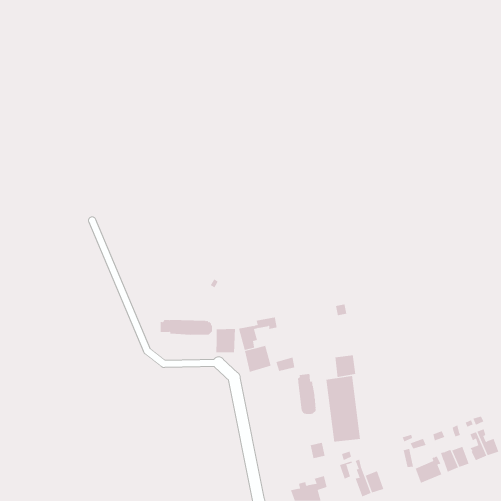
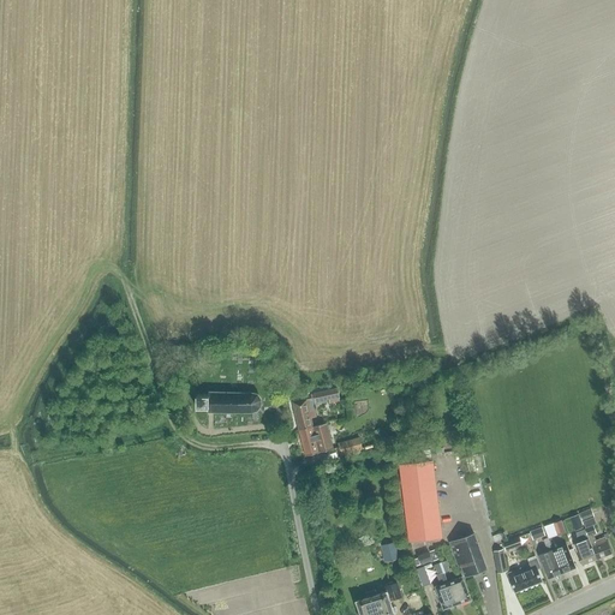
building: [216,328,235,353] -> none
building: [335,354,356,378] -> none
building: [297,373,317,415] -> none
building: none -> [449,533,486,577]

